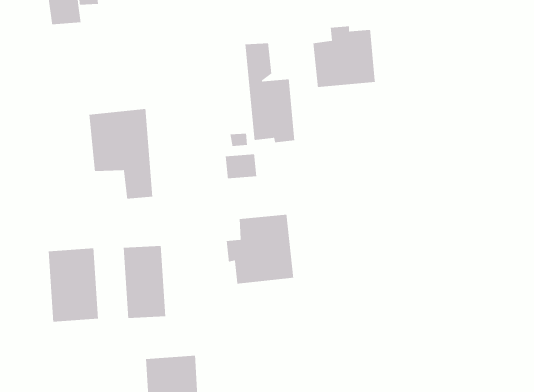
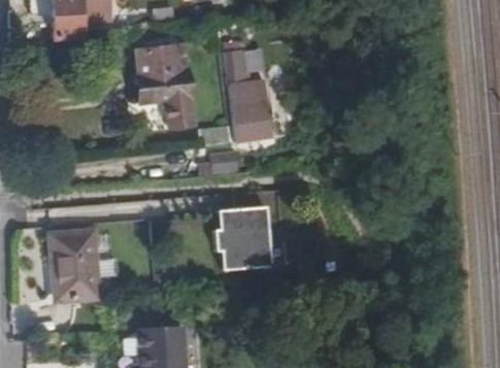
building: [313,25,376,88] -> none
building: [89,108,153,200] -> [135,46,193,128]
building: [123,245,166,319] -> none

